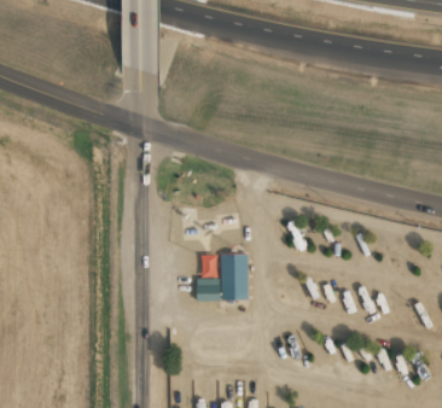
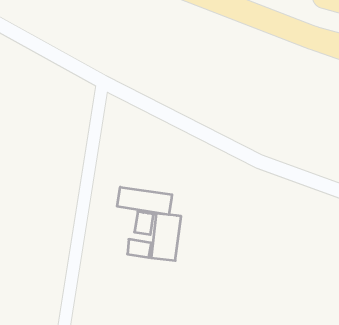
building: none -> [117,187,172,215]

